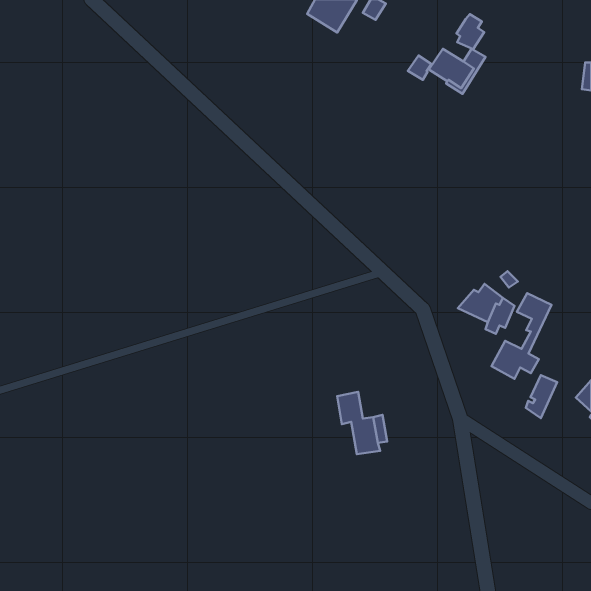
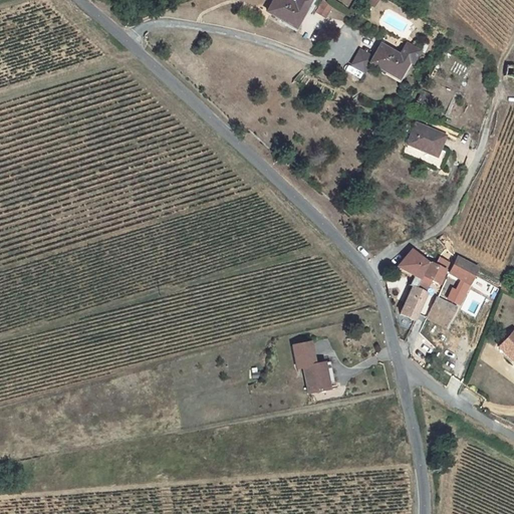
building: [457,14,484,49] -> none
building: none -> [408,122,446,157]
building: [526,375,557,418] -> [402,284,429,321]

